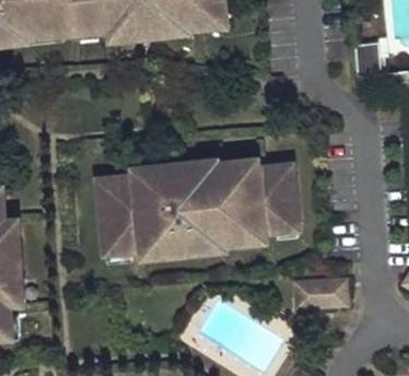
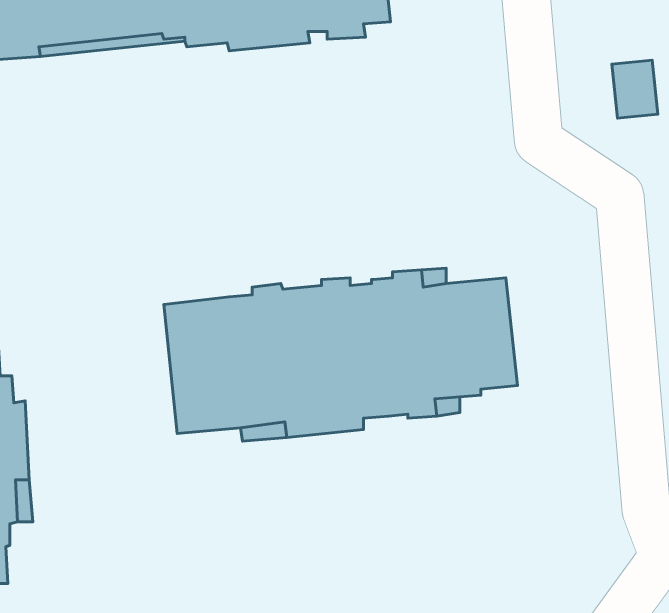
building: [295,279,347,306] -> none

